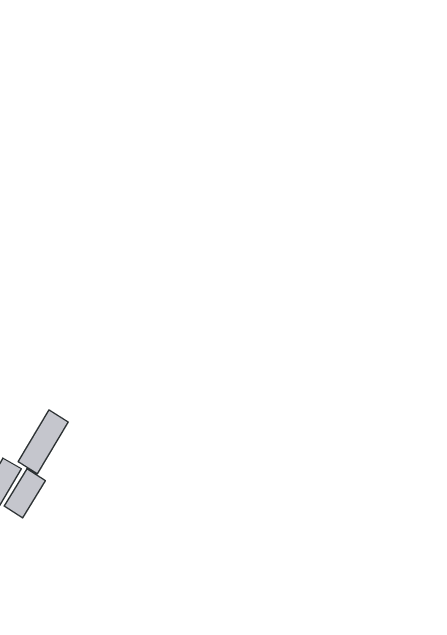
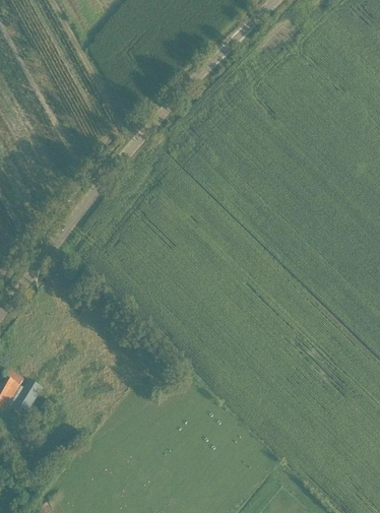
building: [18,410,68,474] -> none

